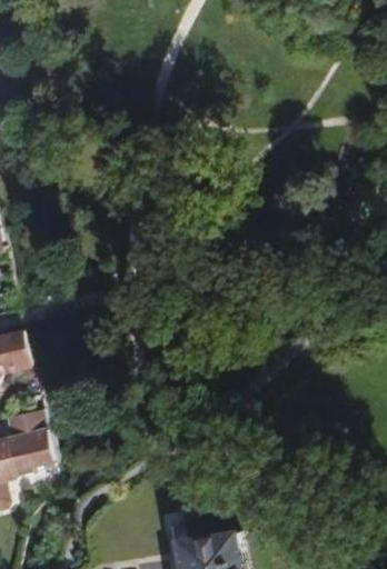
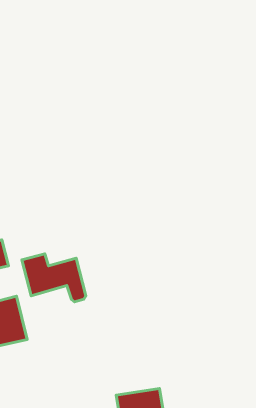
building: none -> [22,254,86,302]

